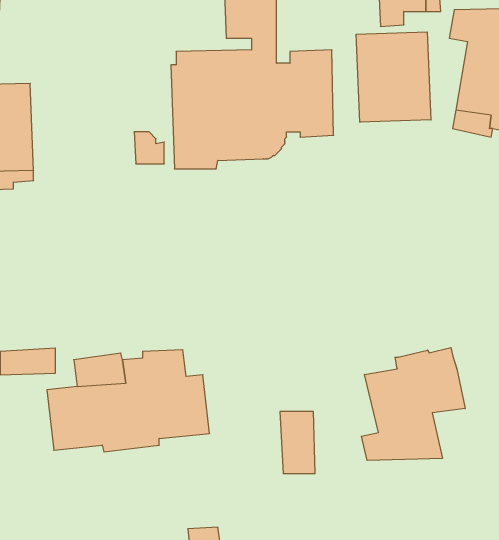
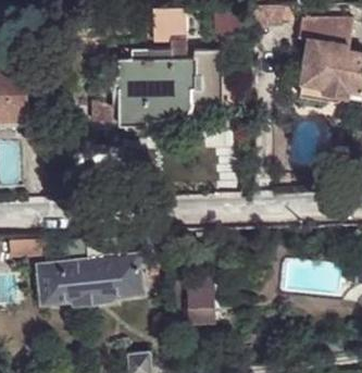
building: [356,32,431,122] -> none
building: [361,348,465,460] -> none

